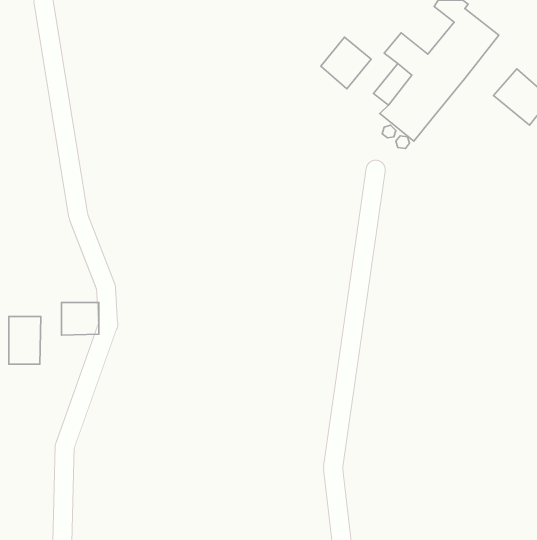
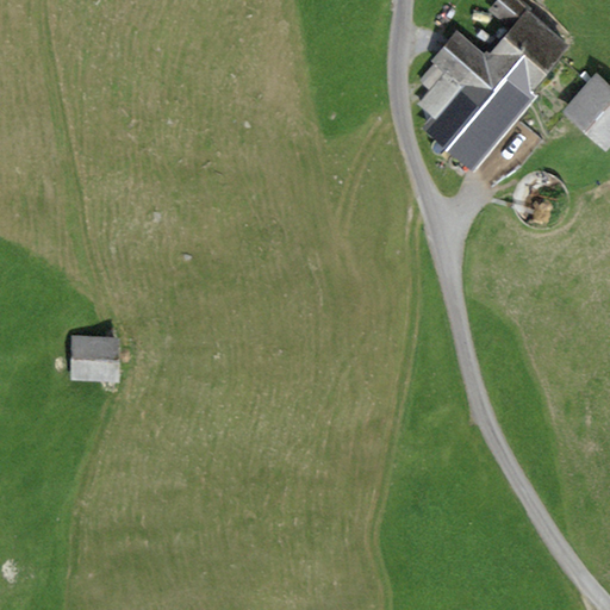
building: [321,37,371,89] -> none
building: [9,316,41,364] -> none

